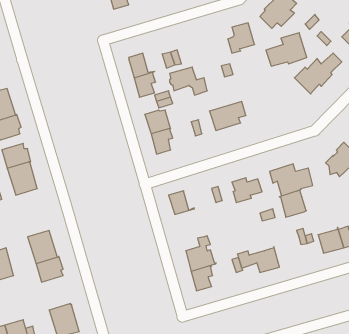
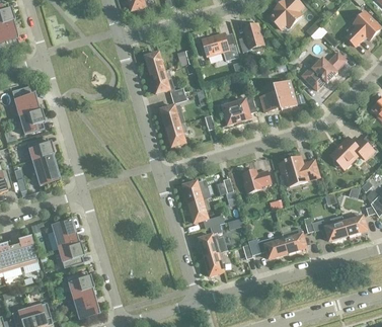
building: [266,33,307,66] -> [259,80,298,111]
building: [170,67,207,95] -> [202,33,237,60]
building: [279,190,306,217] -> [281,228,306,253]
building: none -> [188,198,224,228]
building: none -> [65,270,92,294]

